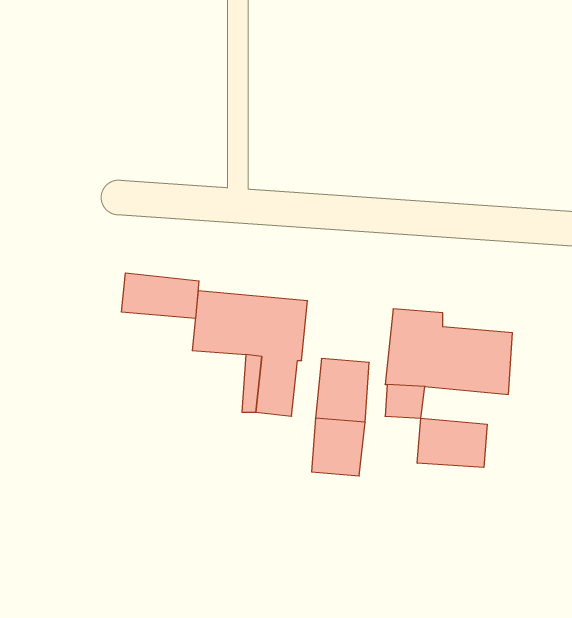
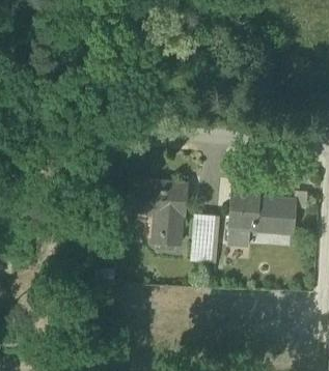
building: [122,273,199,319] -> none
building: [417,418,487,467] -> none

